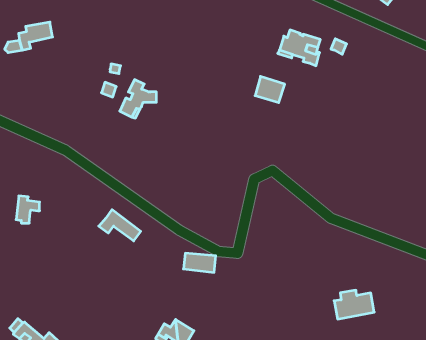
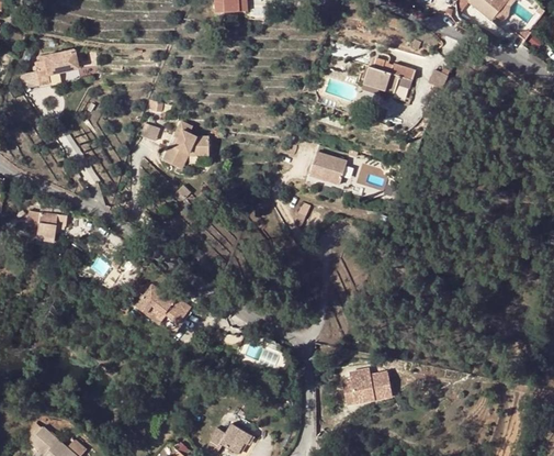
building: [255,76,285,103] -> [308,154,346,187]
building: [16,196,40,223] -> [36,209,66,243]
building: [334,290,374,319] -> [340,369,391,405]

